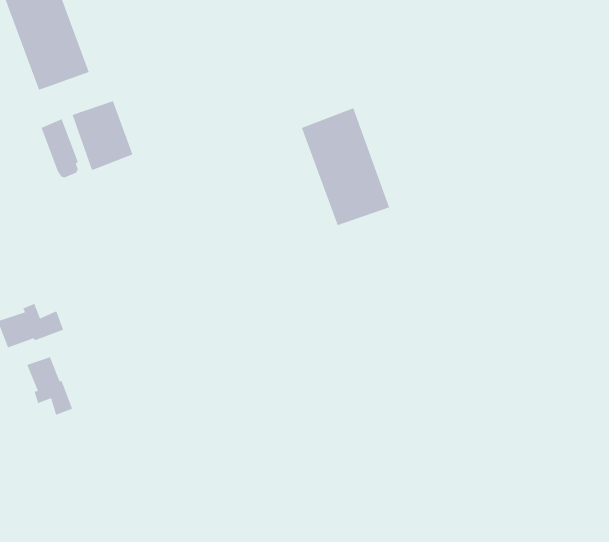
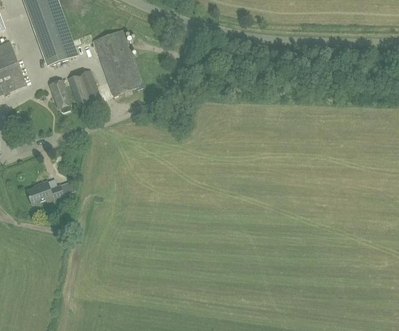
building: [301,107,390,226] -> [92,29,141,94]
building: [26,356,73,416] -> none

